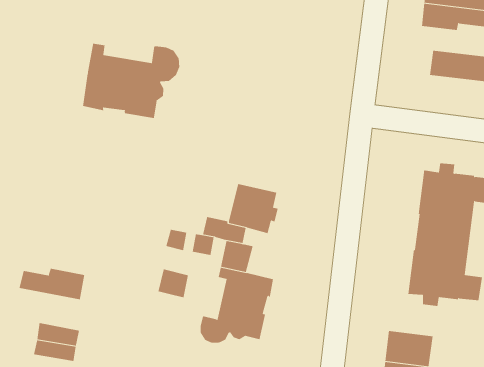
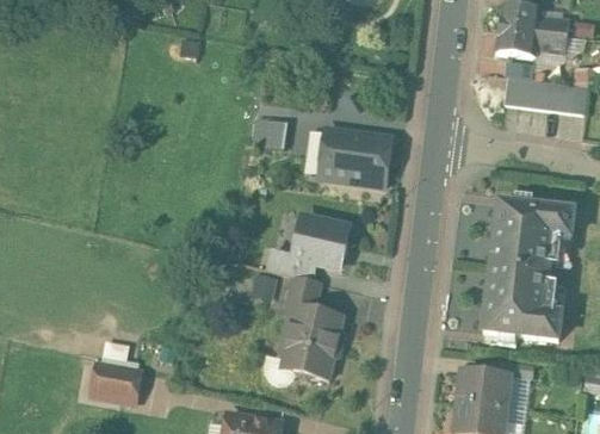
building: [82,43,180,119] -> none
building: none -> [252,117,286,148]
building: none -> [318,128,391,187]
building: [19,268,85,300] -> none
building: [158,269,188,298] -> none

